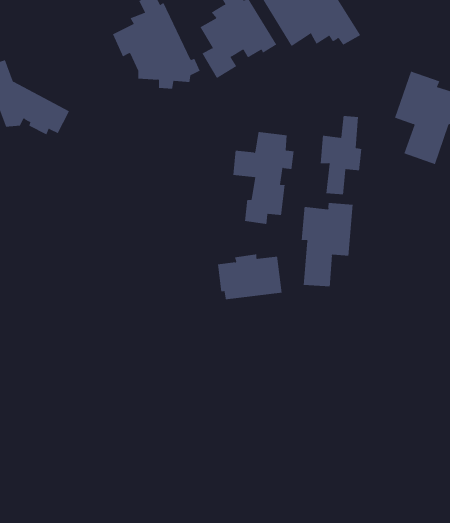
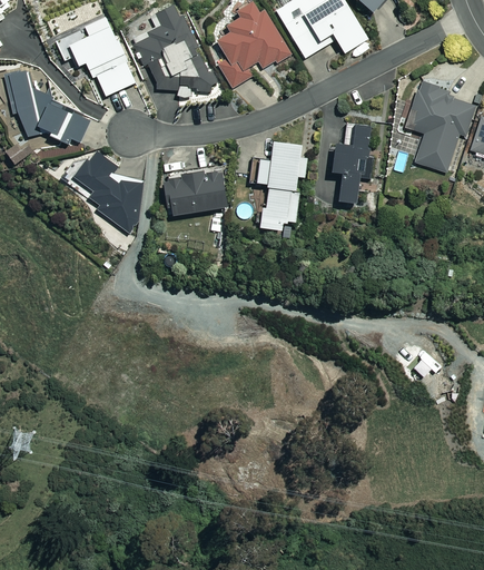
building: none -> [56,28,134,96]
building: none -> [75,153,145,236]
building: [301,202,353,287] -> none
building: [217,254,282,300] -> [165,169,228,214]

